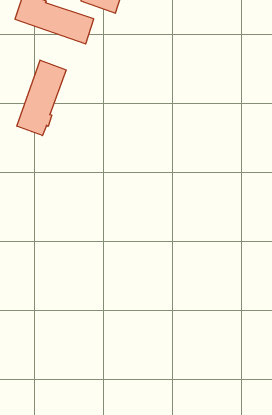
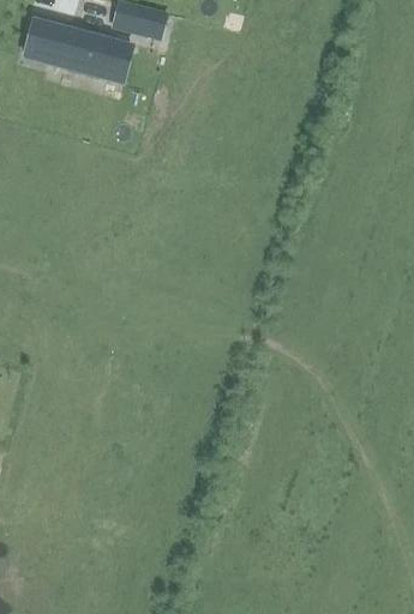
building: [17,60,66,136] -> none

